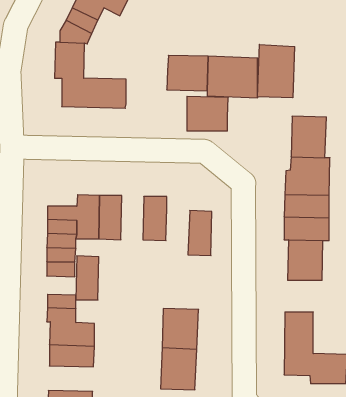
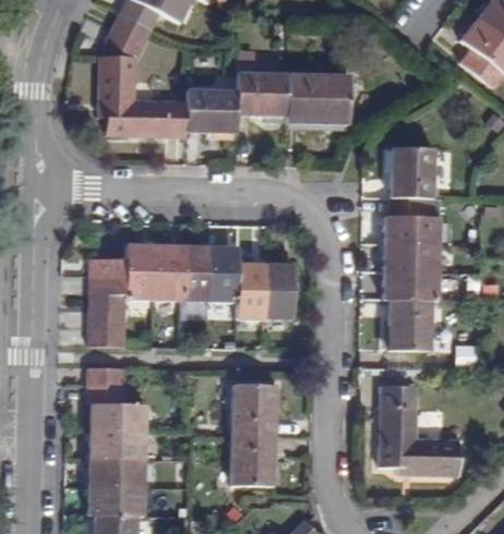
building: [258,44,295,98] -> none
building: [187,96,228,131] -> [187,89,238,132]
building: none -> [236,262,265,318]
building: [76,256,99,300] -> [180,245,208,300]
building: none -> [91,456,146,487]

